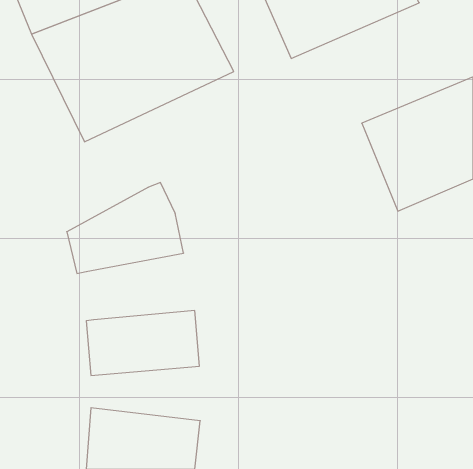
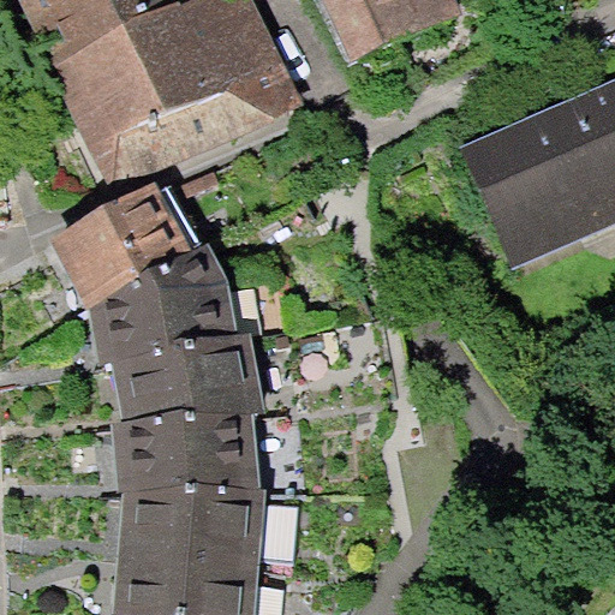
building: none -> [50,174,192,300]
building: none -> [112,327,265,414]
building: none -> [118,474,265,545]

